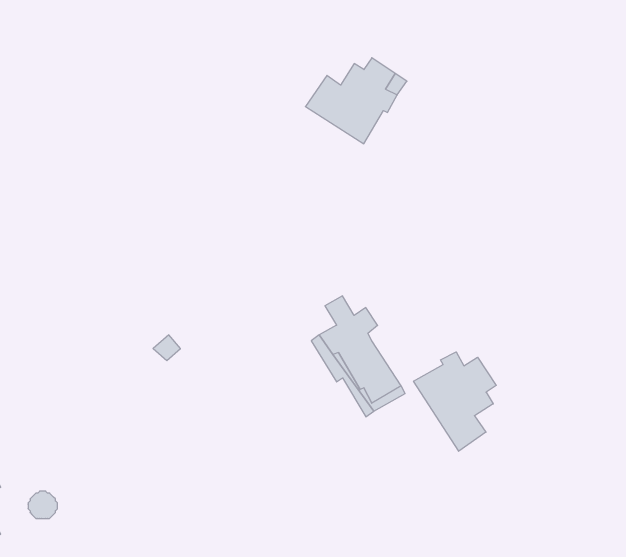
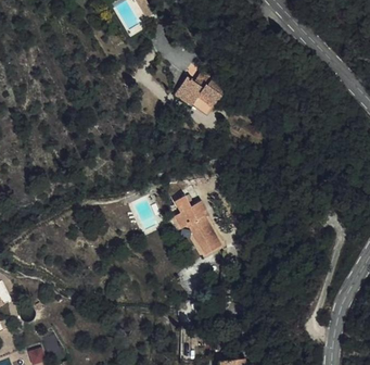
building: [414,352,496,451] -> none

